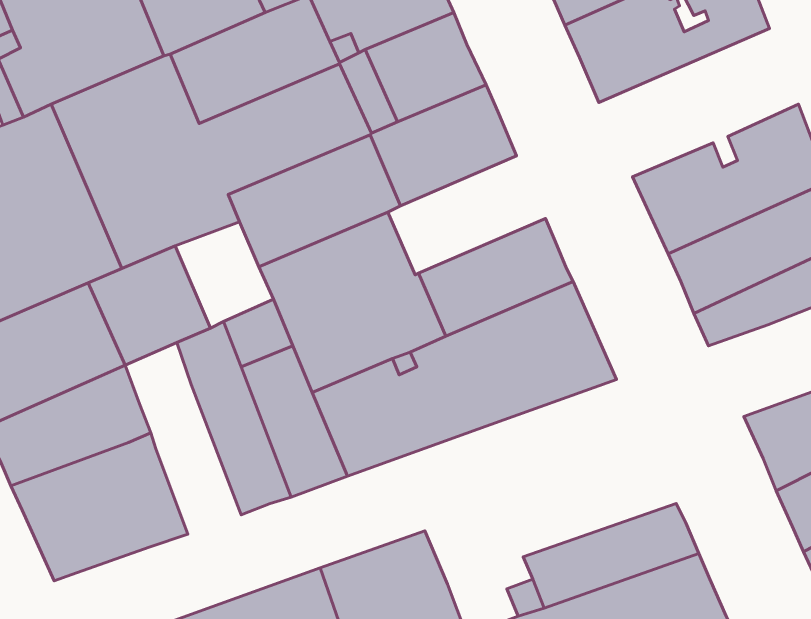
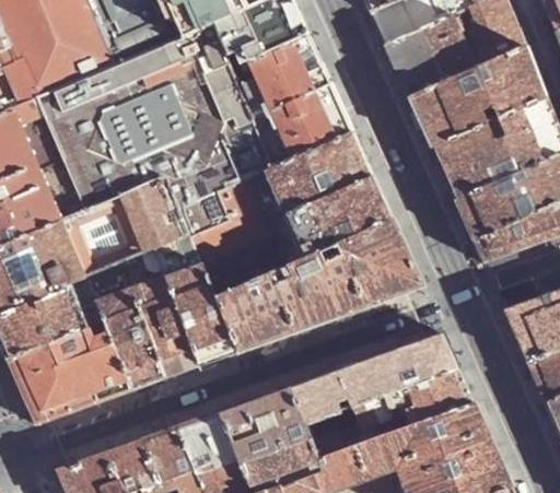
building: none -> [407,48,542,149]
building: none -> [264,134,371,215]
building: none -> [119,179,186,251]
building: none -> [95,290,164,391]
building: none -> [289,333,459,425]

